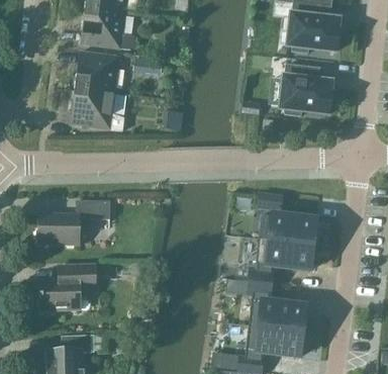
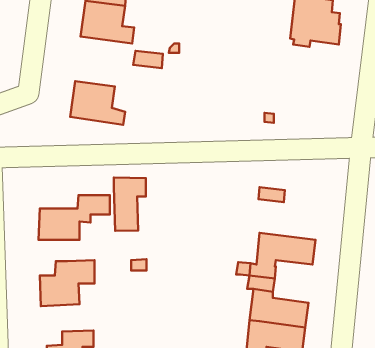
building: [76,51,120,92] -> none
building: [270,65,332,116] -> none
building: none -> [114,178,146,231]
building: [259,214,317,245] -> none

